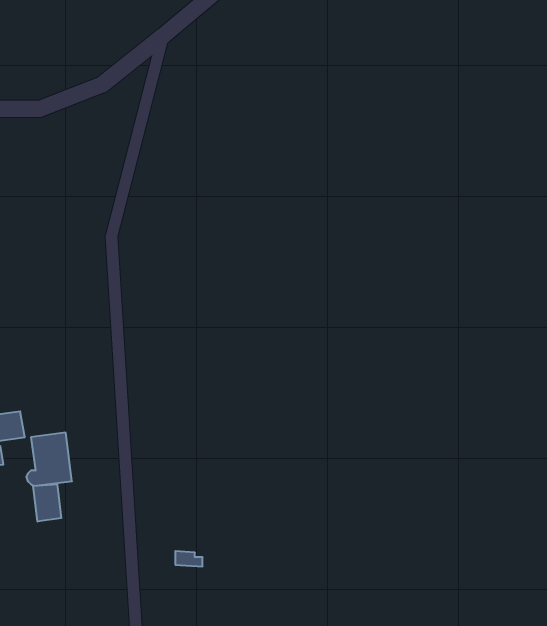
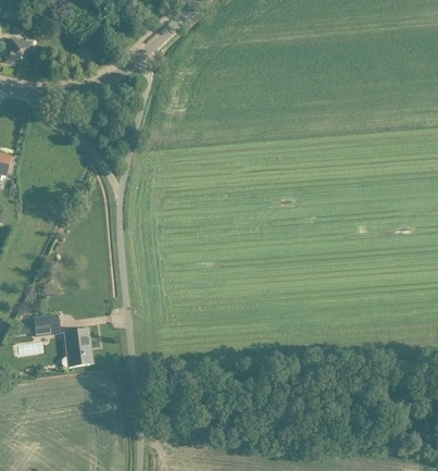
building: [33,484,61,522] -> none

